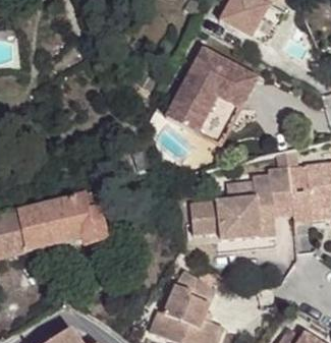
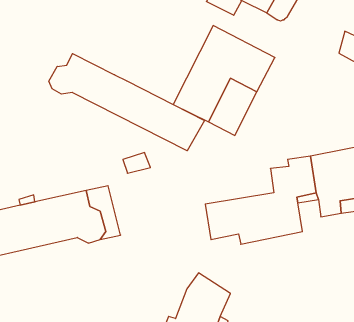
building: none -> [49,54,204,151]

